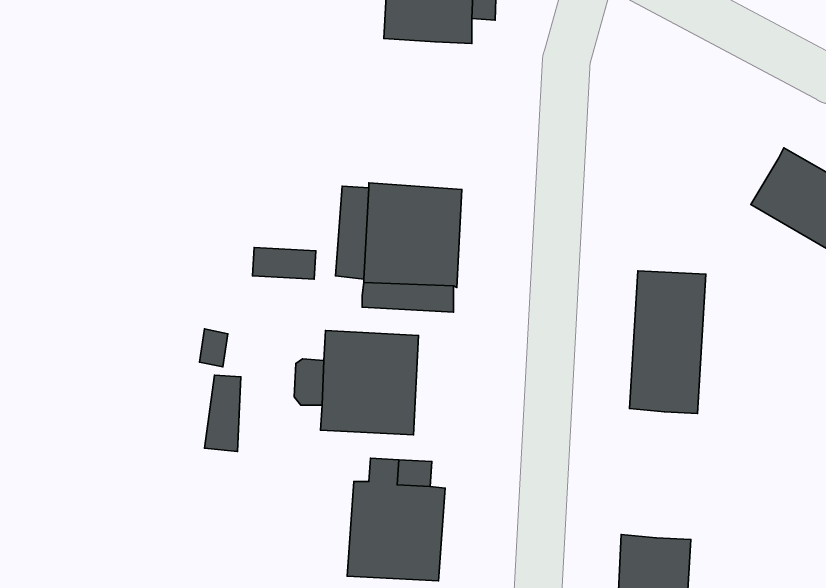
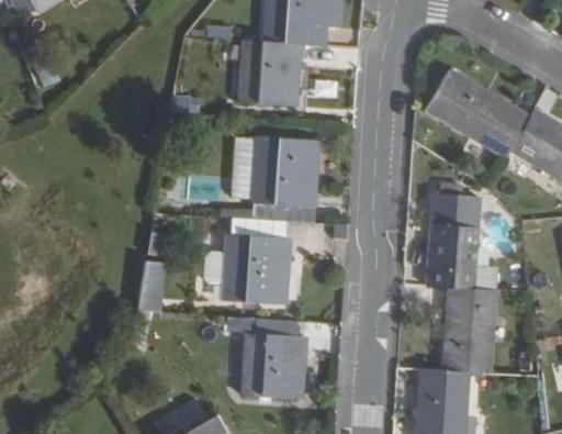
building: none -> [240,38,301,104]
building: none -> [427,73,528,157]
building: none -> [447,287,496,372]

